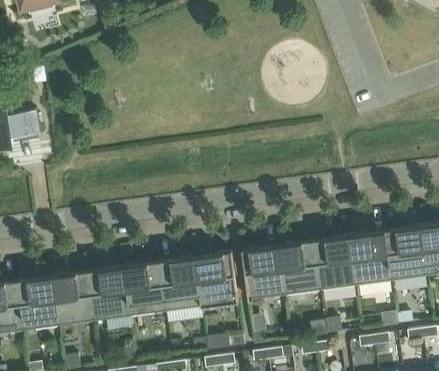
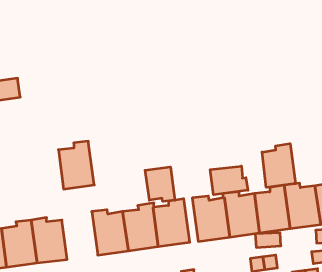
building: none -> [262,144,295,187]
building: none -> [210,166,248,195]
building: none -> [145,167,175,201]
building: [88,265,130,321] -> [58,141,94,189]

